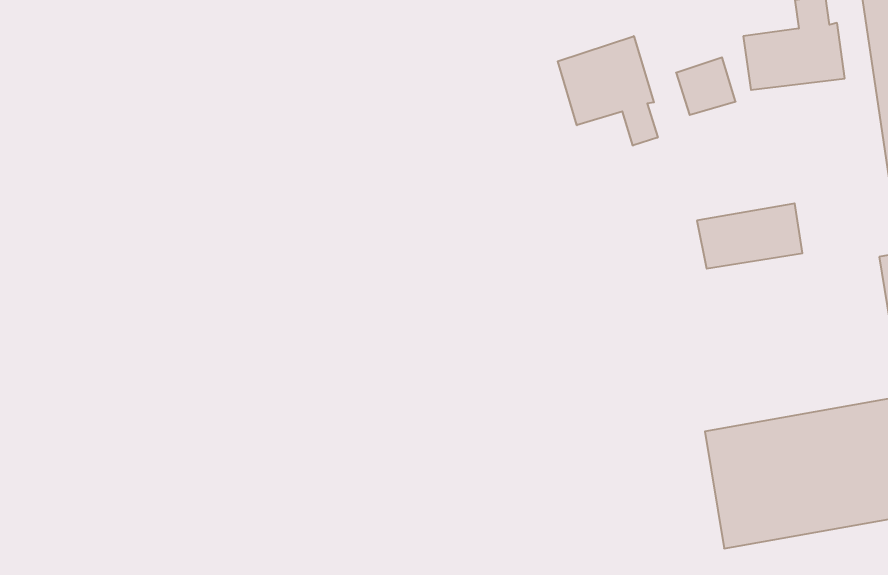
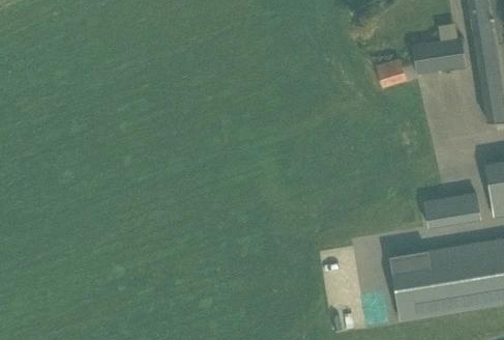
building: [558,36,658,146] -> none
building: [697,203,802,269] -> [424,189,481,224]

